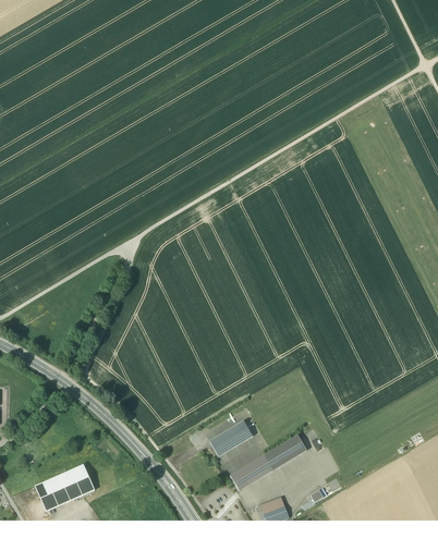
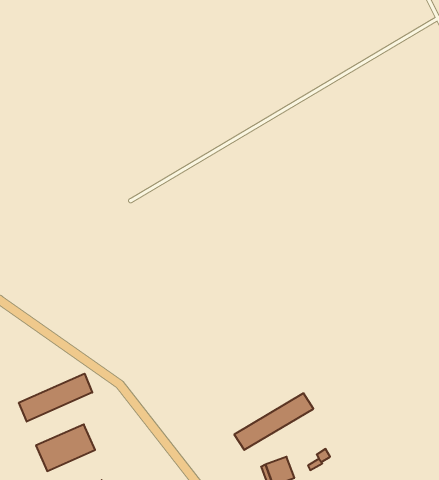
building: none -> [19,374,92,422]
building: [209,420,253,456] -> none

